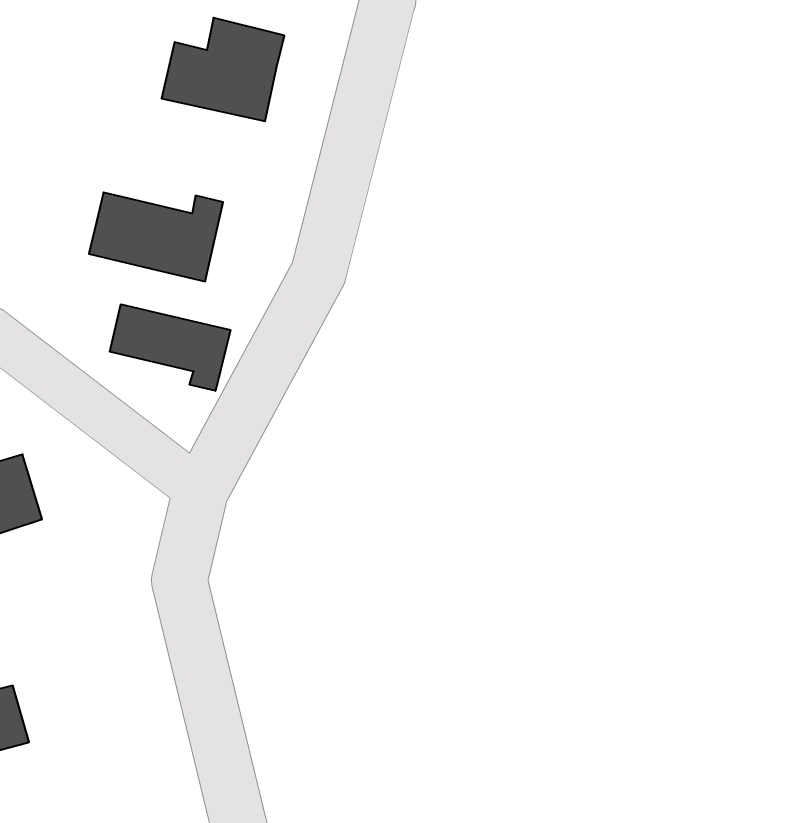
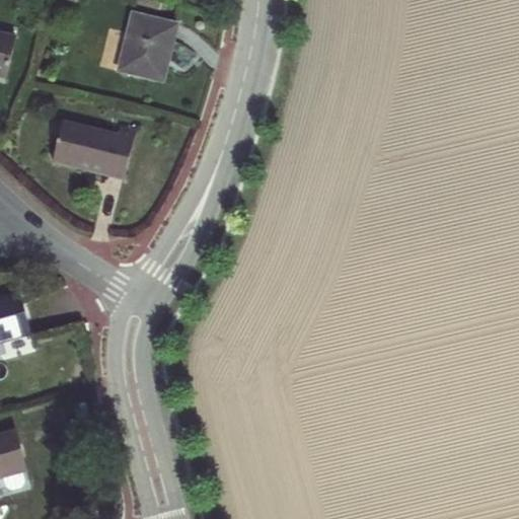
building: [110,304,230,391] -> none

